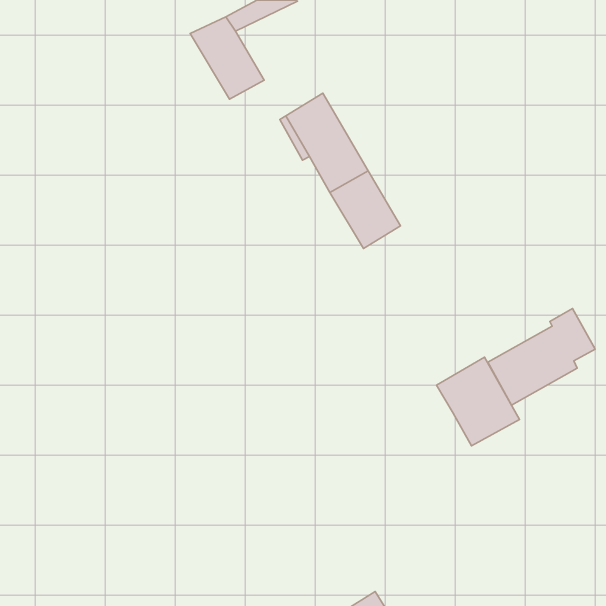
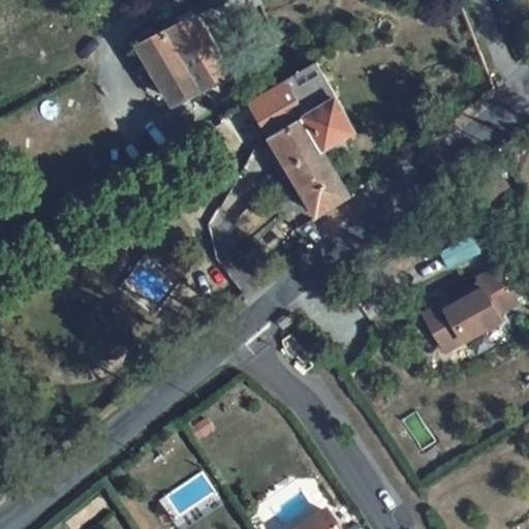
building: none -> [135,33,198,104]
building: none -> [279,65,352,152]
building: [437,357,520,446] -> none

